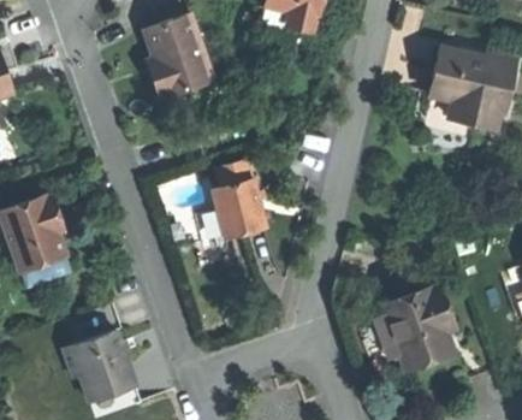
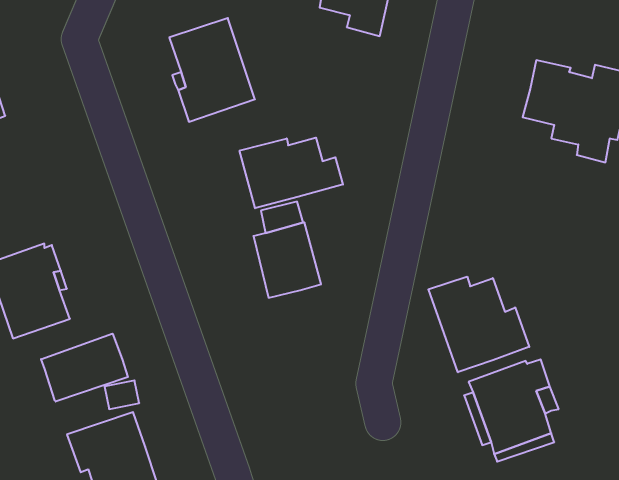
building: none -> [240,138,343,208]
building: none -> [428,277,529,372]
building: none -> [41,334,128,402]

